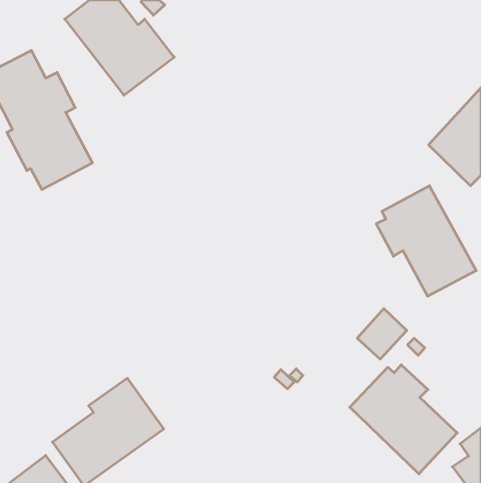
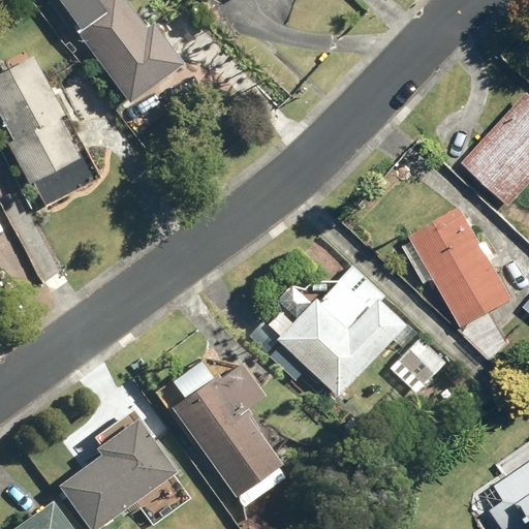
building: none -> [263,267,408,397]
building: none -> [169,355,285,506]
building: [350,365,457,474] -> none

